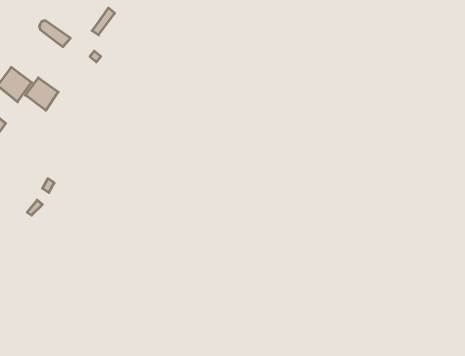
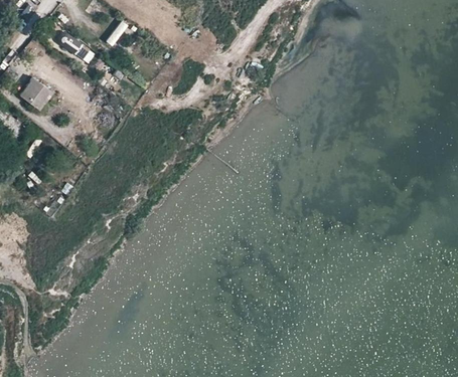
building: [25,78,58,110] -> none

